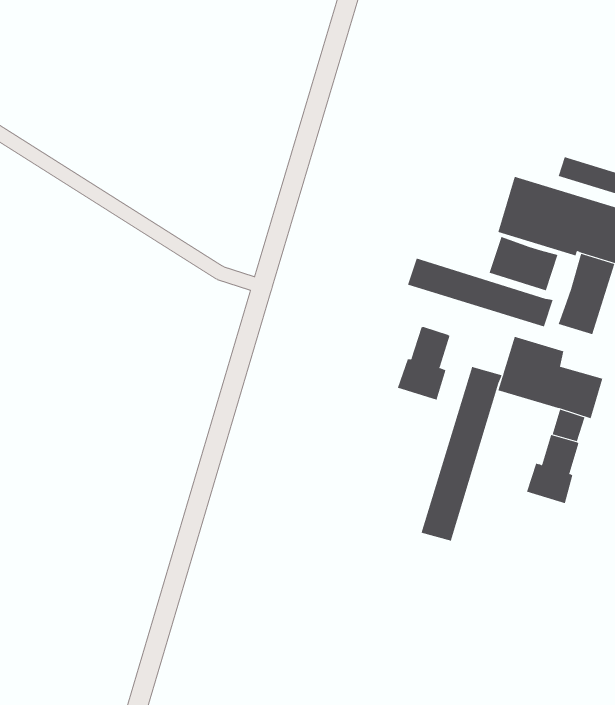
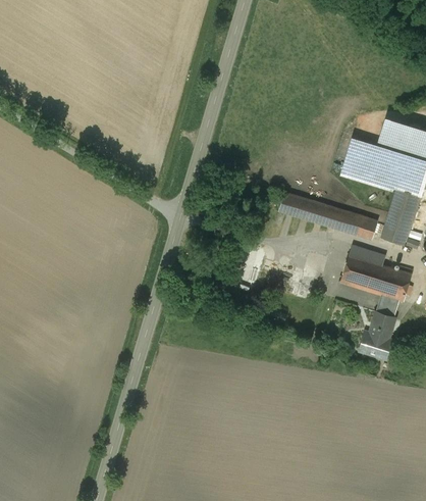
building: [489,236,558,291] -> none
building: [397,326,450,400] -> none
building: [421,366,502,542] -> none

